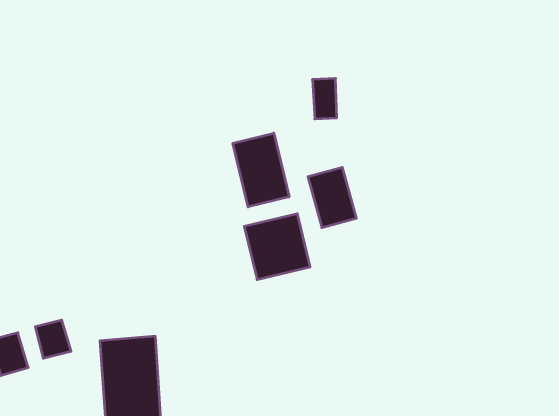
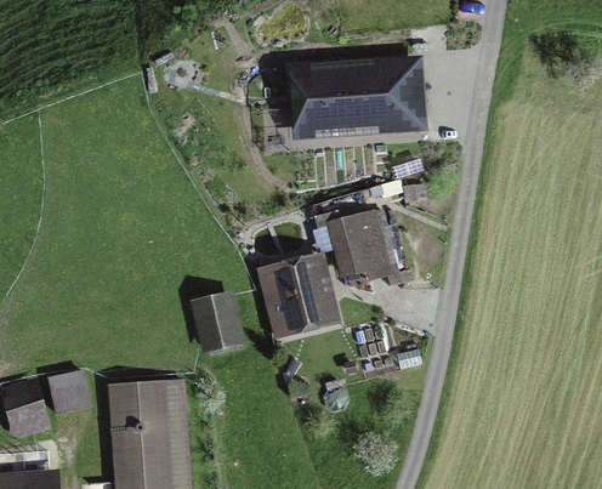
building: none -> [299,55,411,123]
building: [233,133,289,207] -> none
building: none -> [194,295,242,348]

